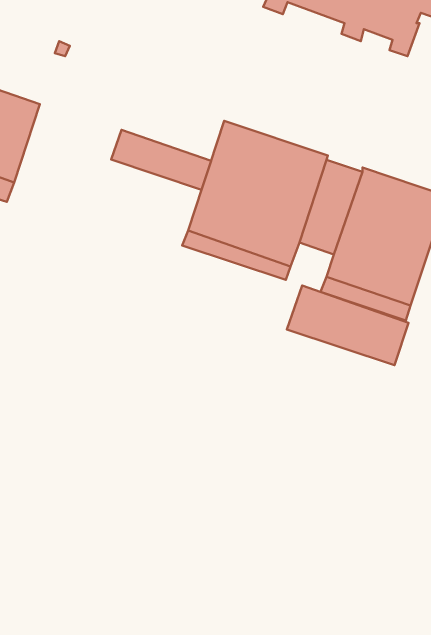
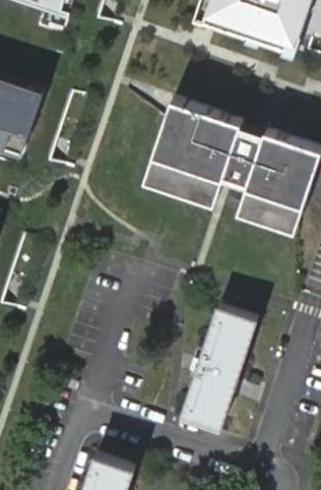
building: [111,130,211,190] -> none
building: [287,286,408,365] -> none
building: none -> [180,305,254,432]

